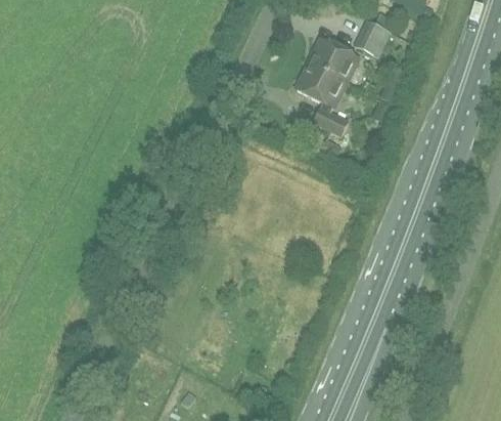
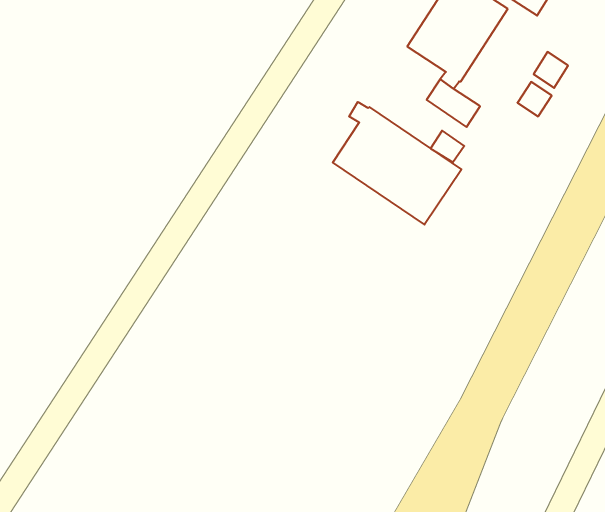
building: none -> [333,102,461,225]

